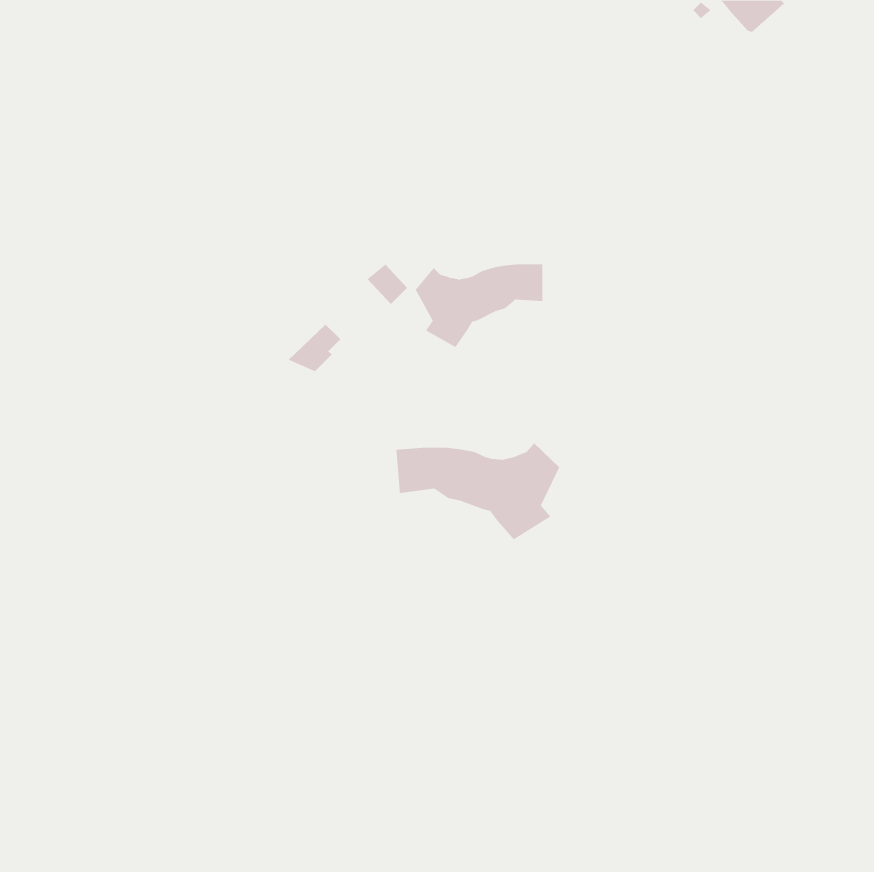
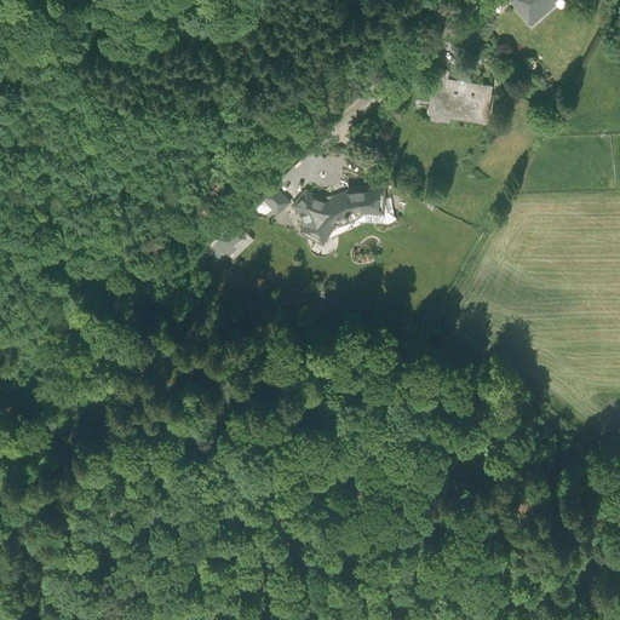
building: none -> [432,63,495,116]
building: [396,443,560,540] -> none

